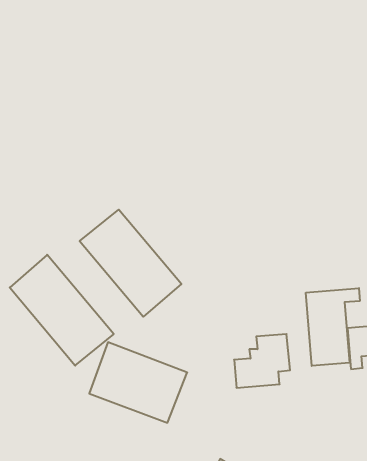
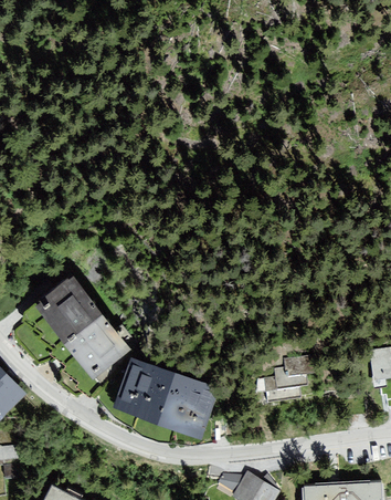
building: [80,210,181,317] -> none
building: [306,288,360,366] -> none

